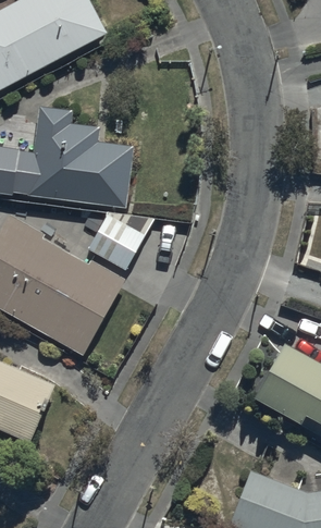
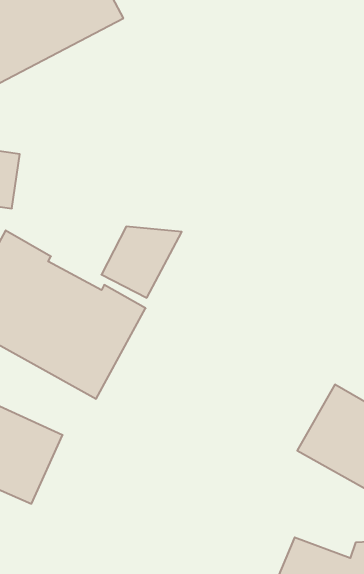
building: [26,107,133,209] -> none

